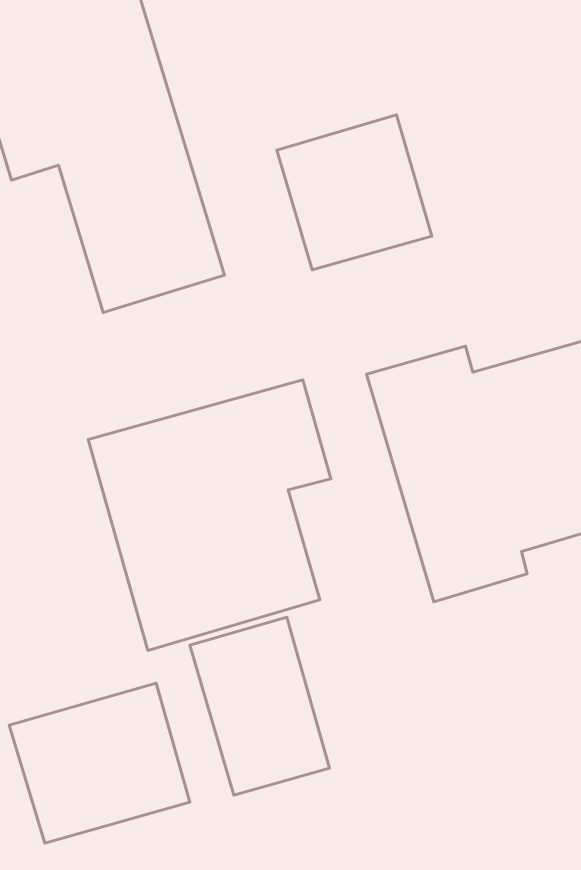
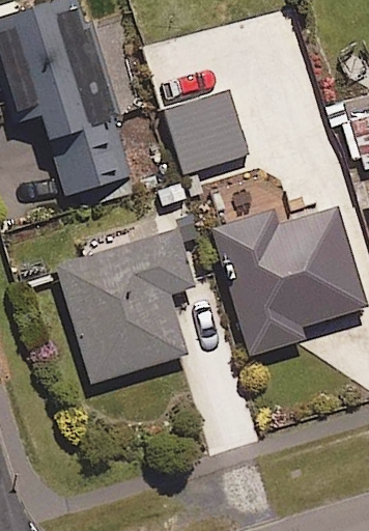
building: [190,617,329,795] -> none
building: [9,683,190,843] -> none

